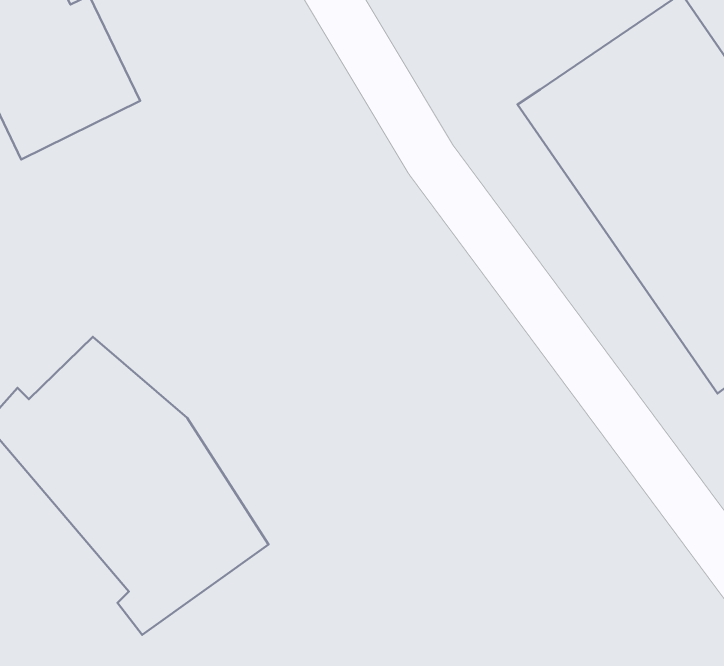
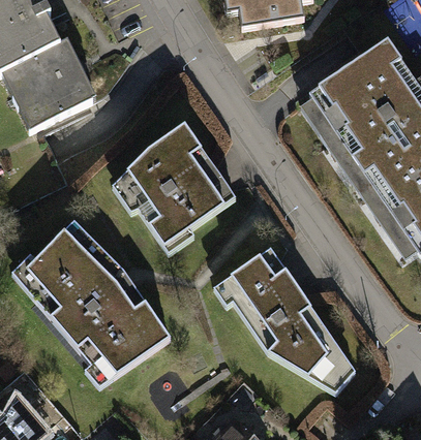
building: none -> [107,125,231,253]
building: none -> [216,246,357,392]

